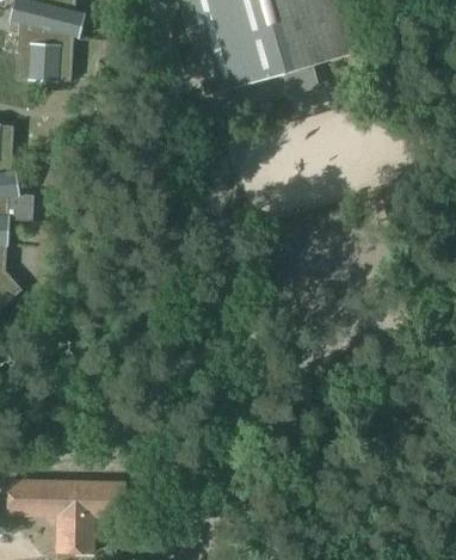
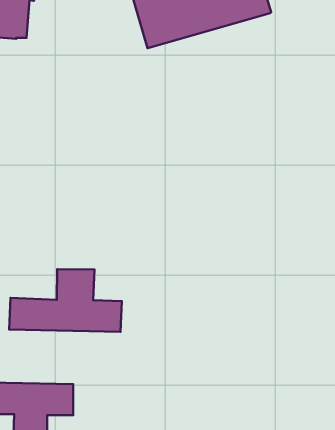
building: none -> [9,269,122,332]

